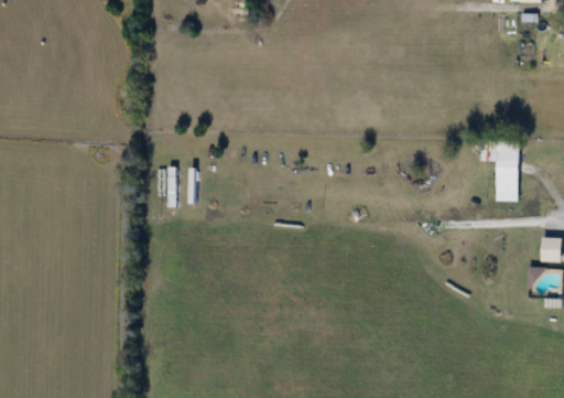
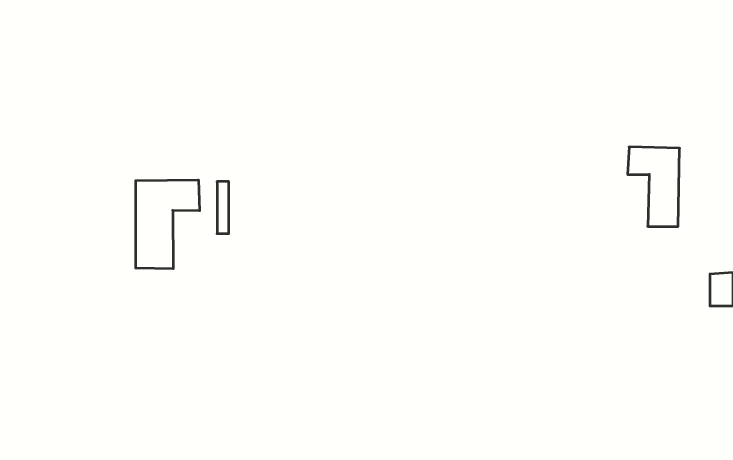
building: none -> [136,180,200,269]

